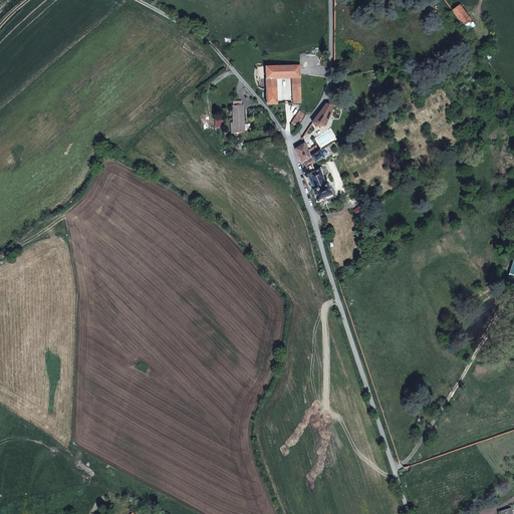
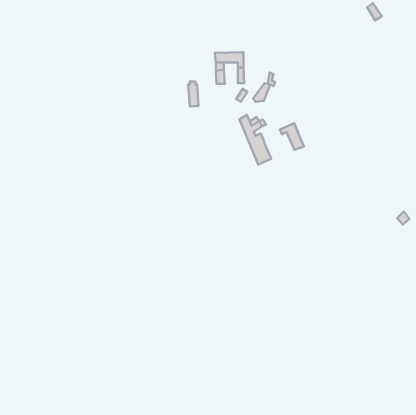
building: none -> [280,123,304,150]

